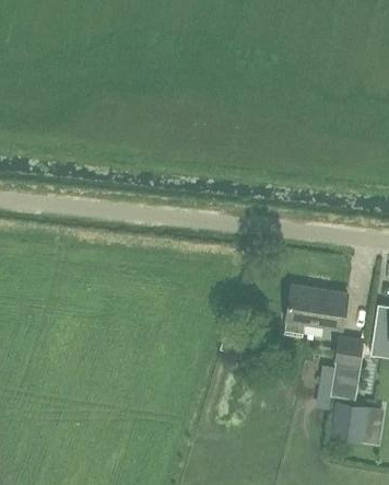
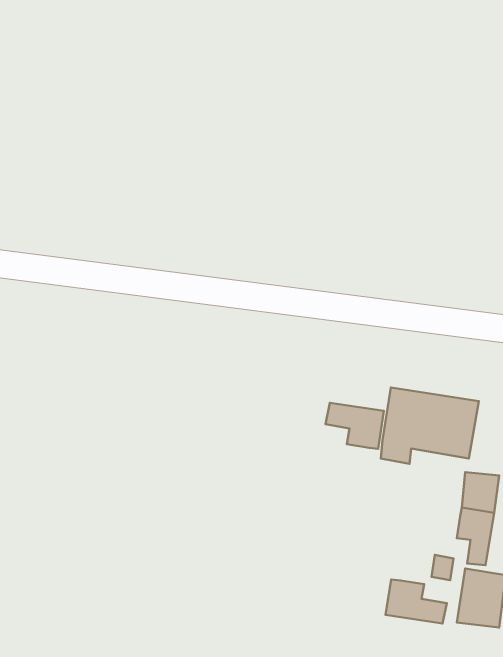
building: none -> [325,403,384,449]
building: none -> [386,579,447,623]

